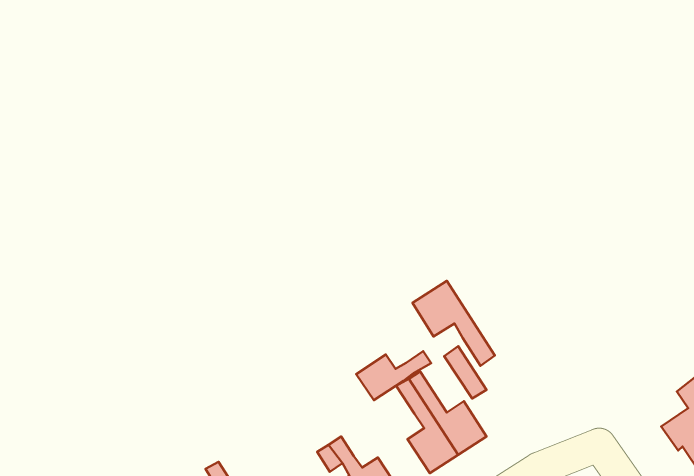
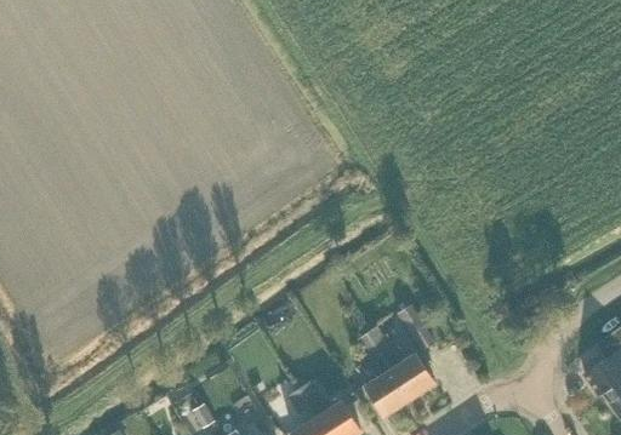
building: [413,281,495,366] -> none
building: [356,351,431,400] -> none

